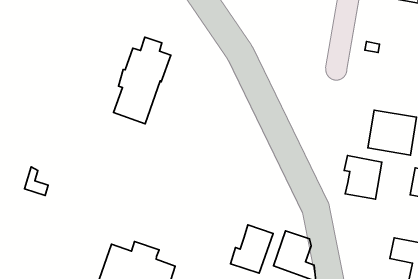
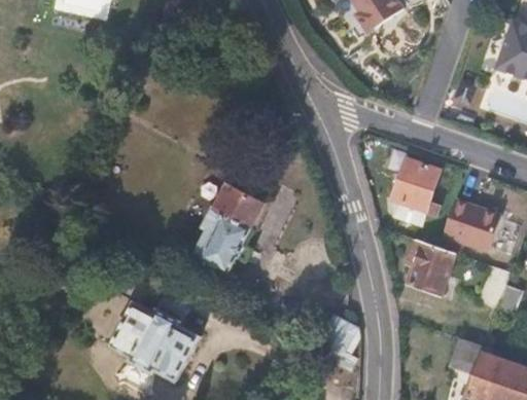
building: [114,37,171,124] -> [195,174,270,272]
building: none -> [392,157,440,226]
building: [230,225,273,273] -> none

